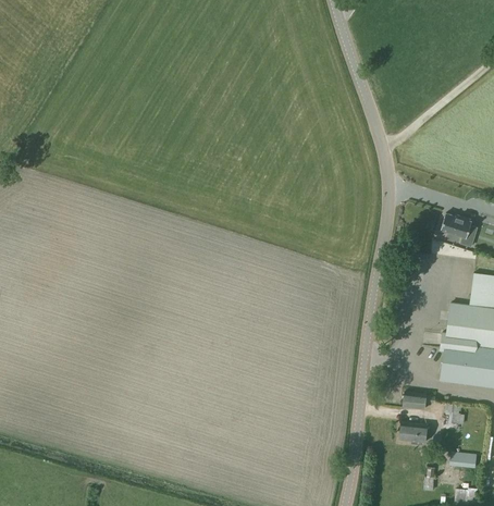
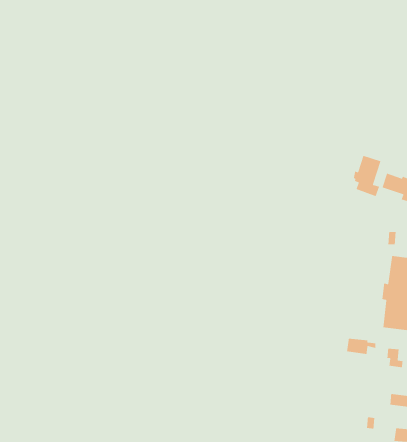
building: none -> [353,155,382,197]
building: [398,422,427,443] -> none

